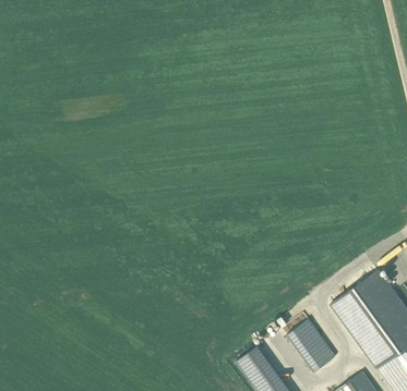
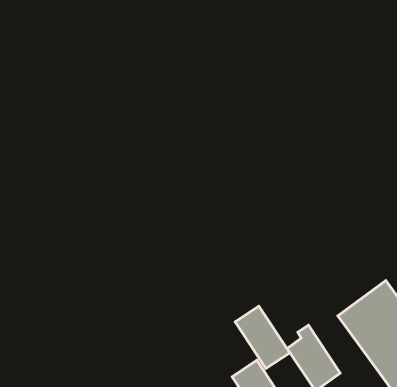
building: none -> [235,306,290,369]

